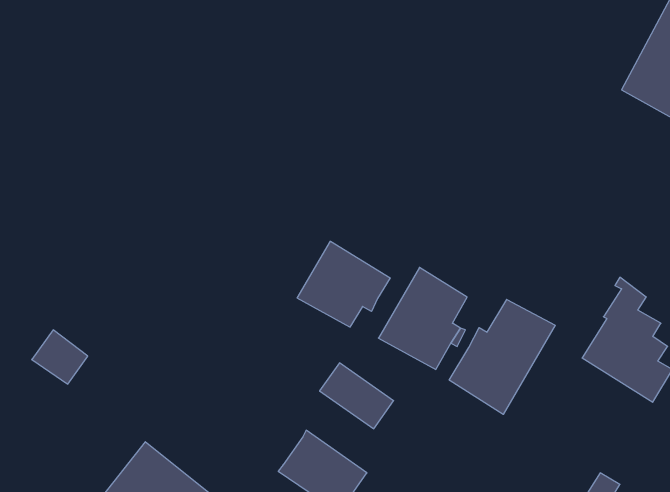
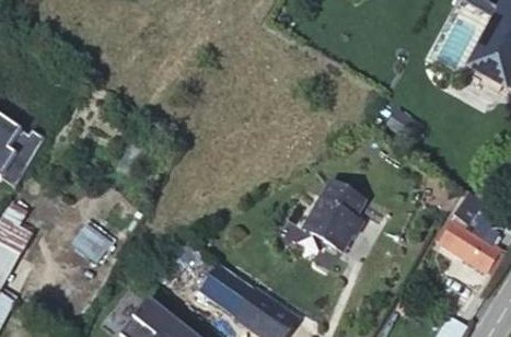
building: [297,241,390,327] -> none
building: [449,299,555,414] -> none
building: [320,363,394,429] -> [204,270,253,314]

